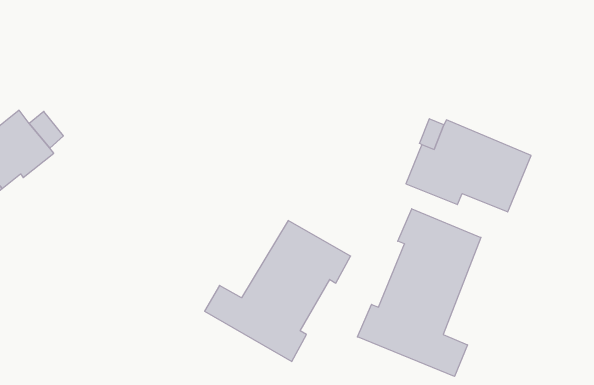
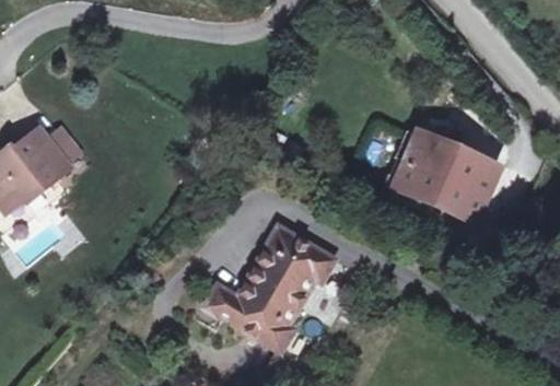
building: [357,209,481,376] -> none

